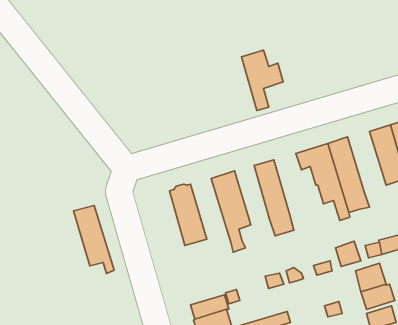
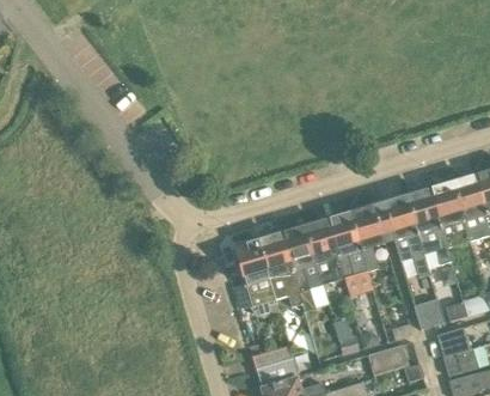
building: [241,50,283,111] -> [348,206,393,272]
building: none -> [428,182,470,248]
building: none -> [305,219,343,284]
building: [73,205,114,274] -> [257,233,301,307]
building: none -> [367,345,408,373]

